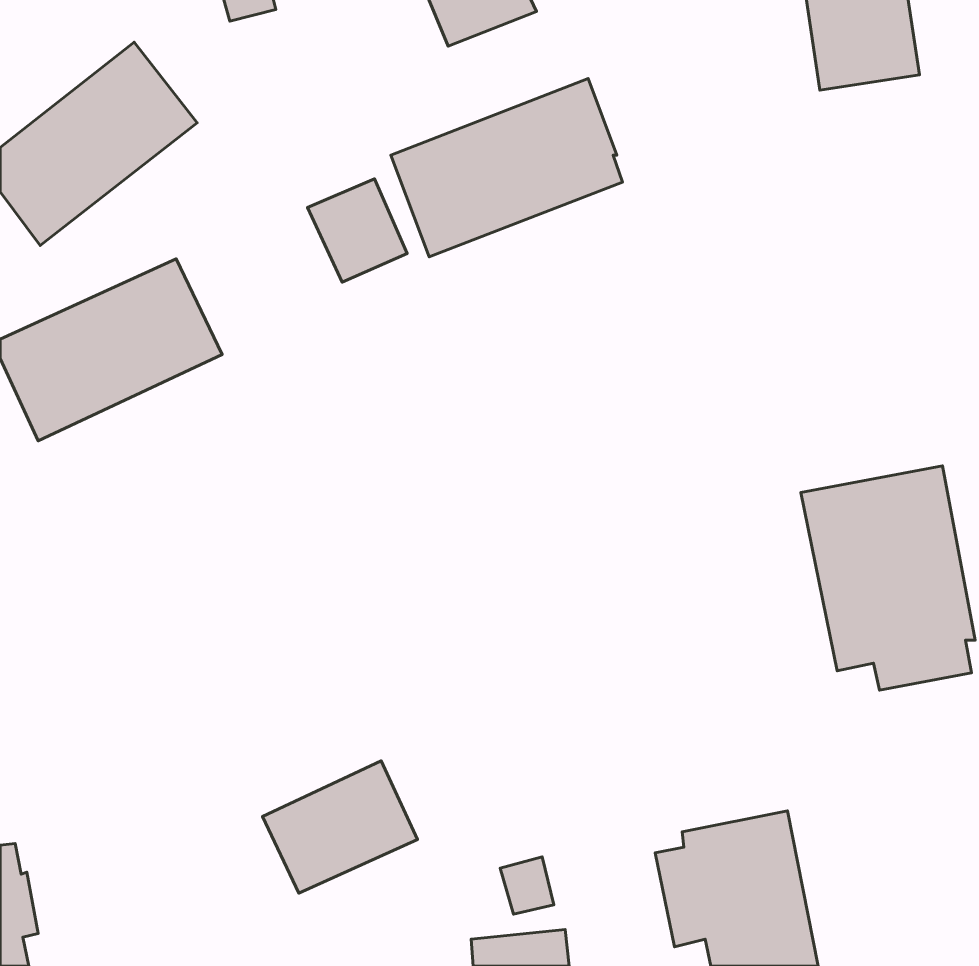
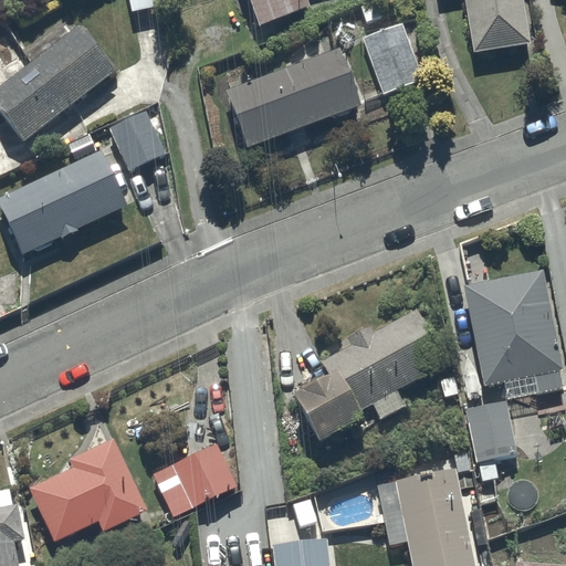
building: none -> [363,21,422,91]
building: [308,179,407,282] -> [108,109,166,169]
building: none -> [293,305,452,444]
building: none -> [464,398,517,461]
building: none -> [29,438,147,542]

